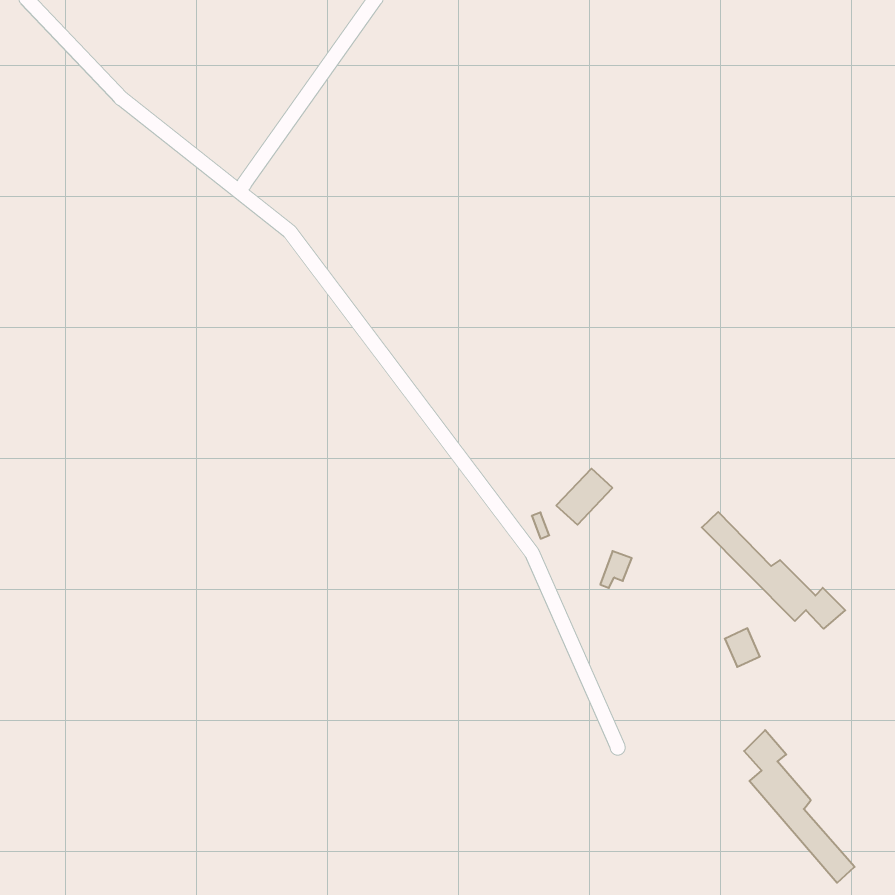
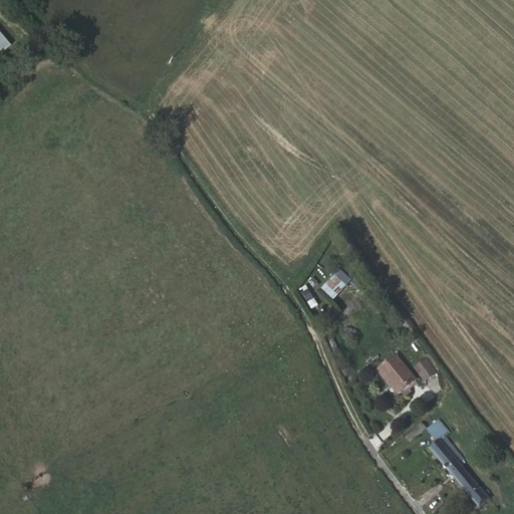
building: [702,512,845,629] -> none
building: none -> [381,357,416,391]

